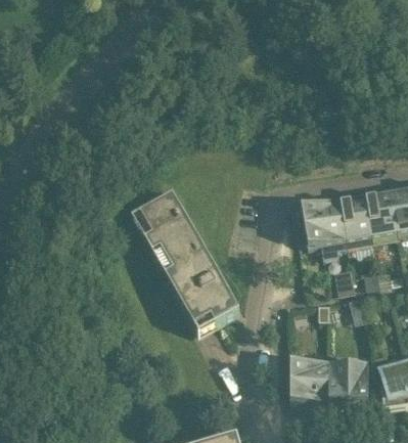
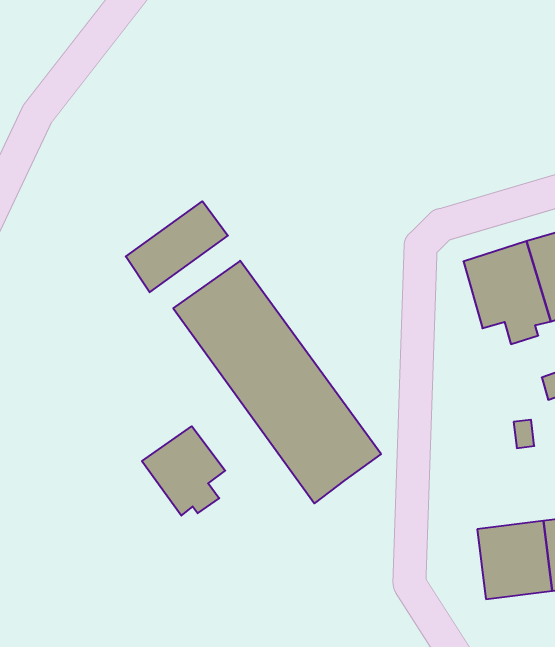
building: none -> [126,201,228,292]
building: none -> [142,426,225,516]

